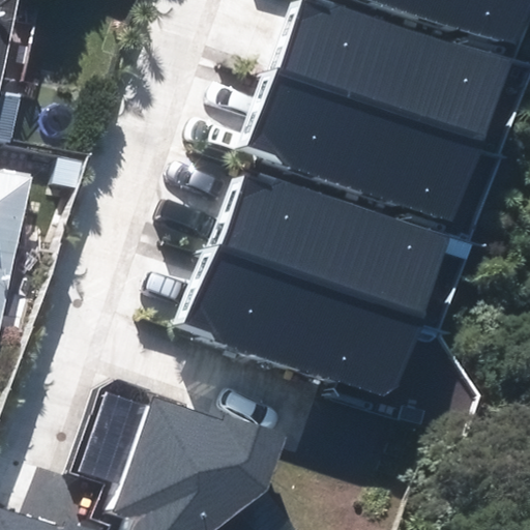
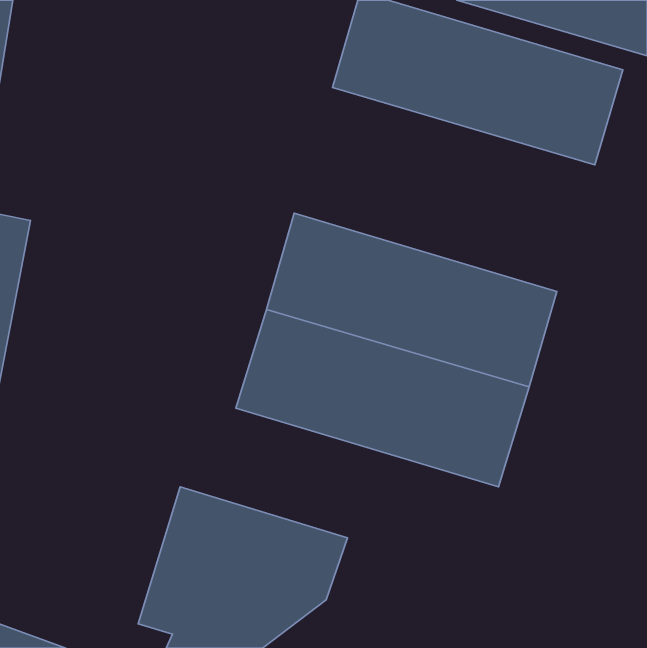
building: [246,71,485,216] -> none

